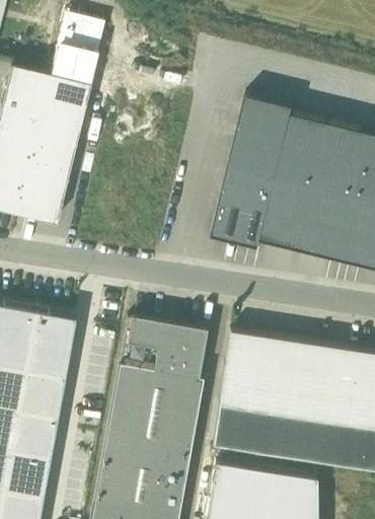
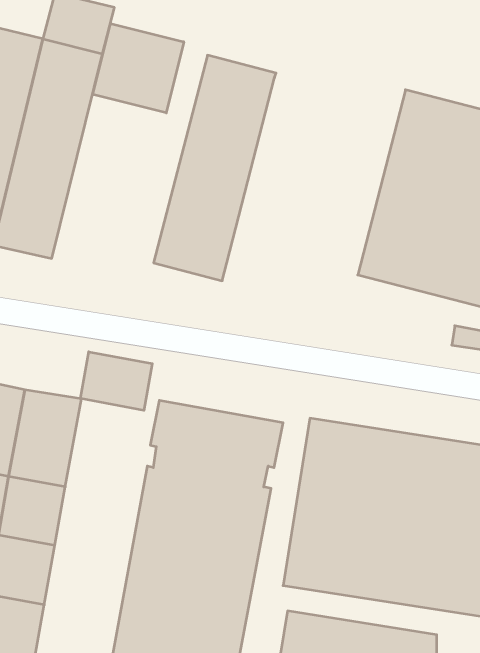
building: none -> [93,23,184,113]
building: [213,95,296,248] -> [154,55,276,281]
building: none -> [80,352,152,410]

